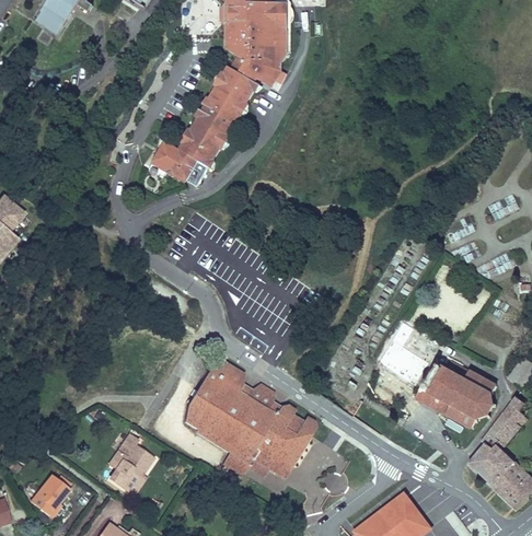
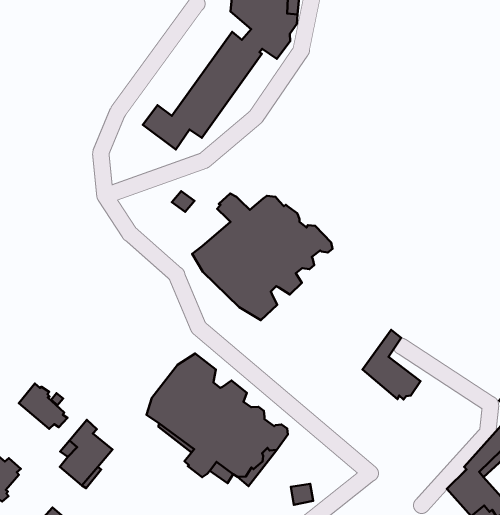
building: none -> [192,194,332,320]
building: [416,361,497,428] -> none
building: none -> [19,384,67,429]

